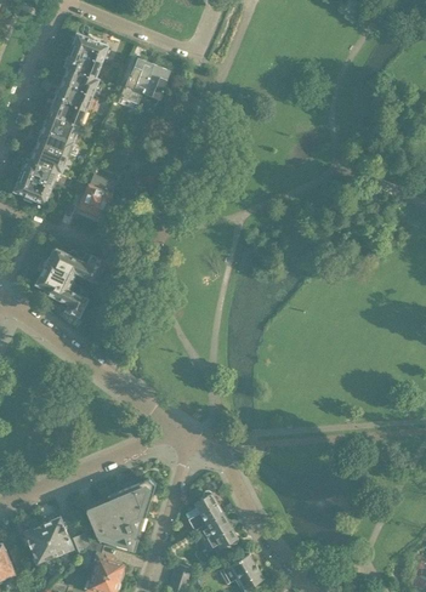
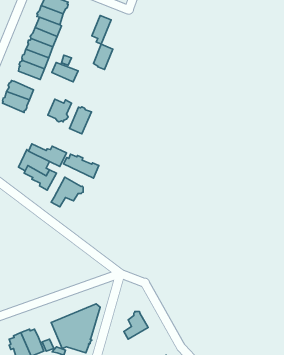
building: [126,59,154,96] -> [93,44,113,70]
building: [30,147,68,175] -> [52,62,78,82]
building: none -> [69,107,92,134]
building: none -> [64,154,99,178]
building: none -> [51,177,83,207]
building: [200,516,238,550] -> none

